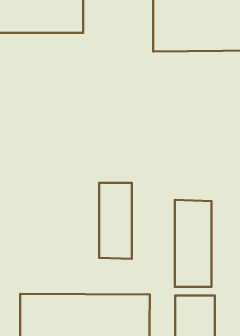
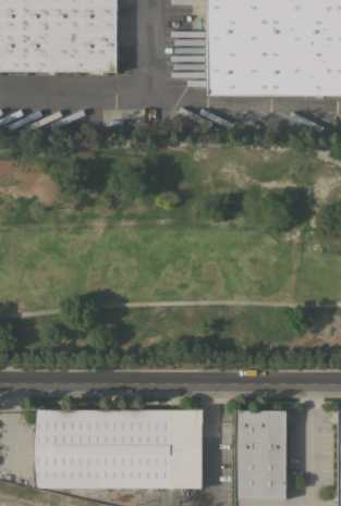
building: [99,183,132,259] -> none
building: [175,200,212,287] -> none

